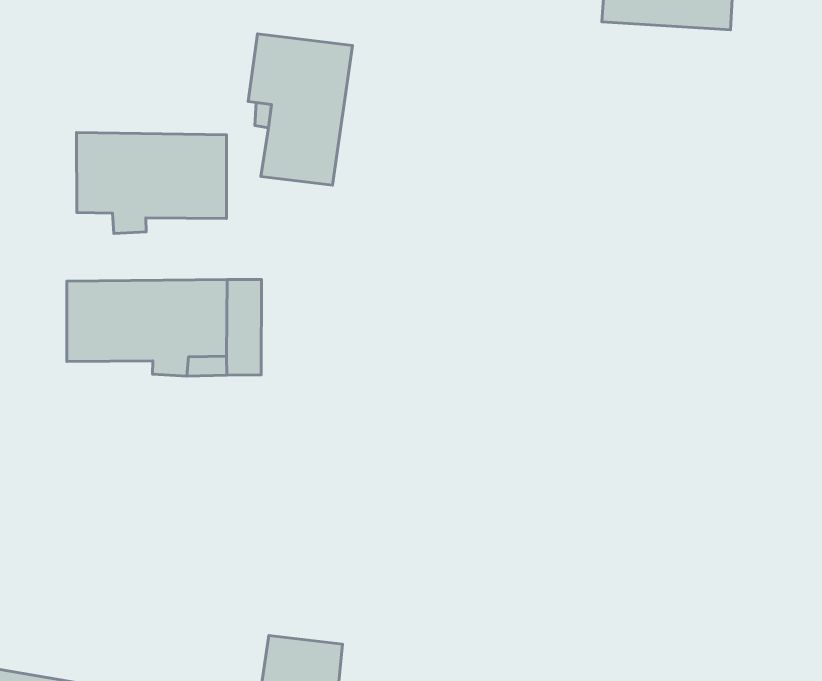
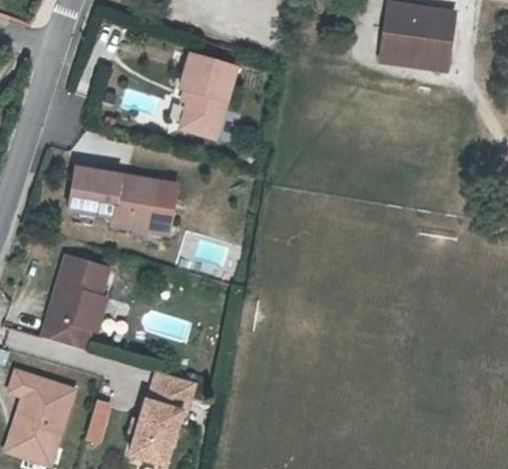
building: [76,132,227,233] -> none
building: none -> [43,257,107,350]

